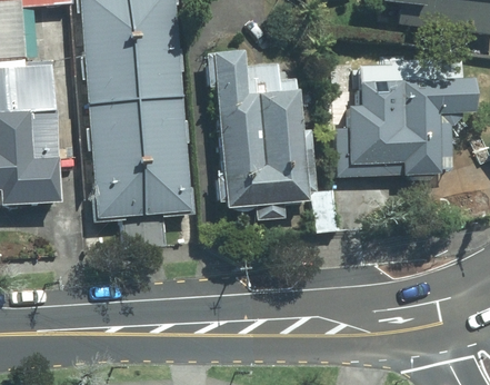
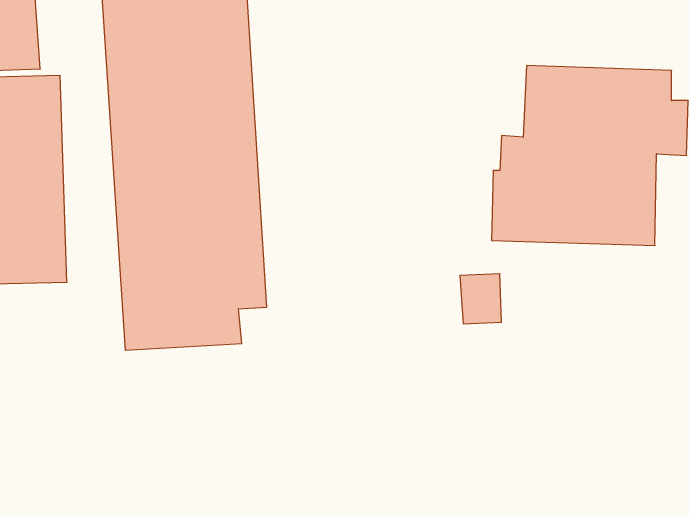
building: [212,50,313,205] -> none

